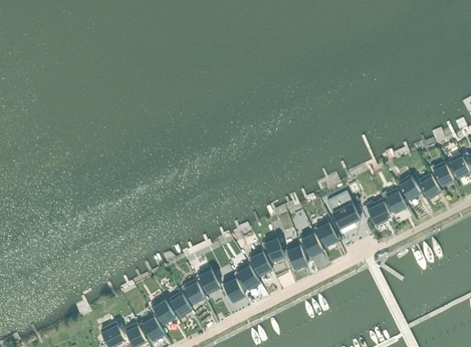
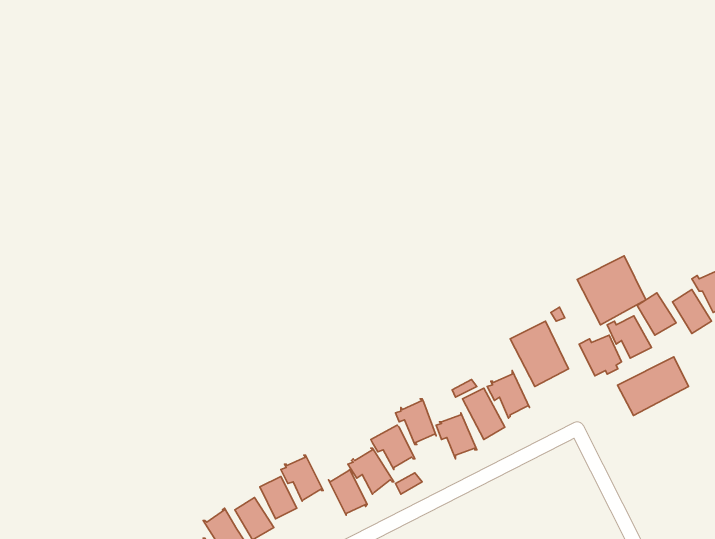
building: none -> [577,256,646,325]
building: none -> [618,357,688,416]

